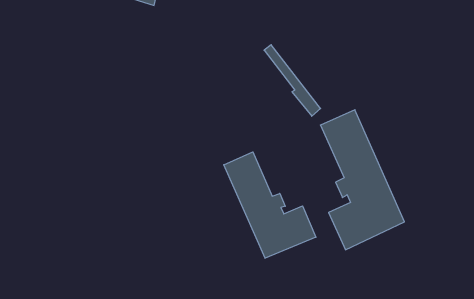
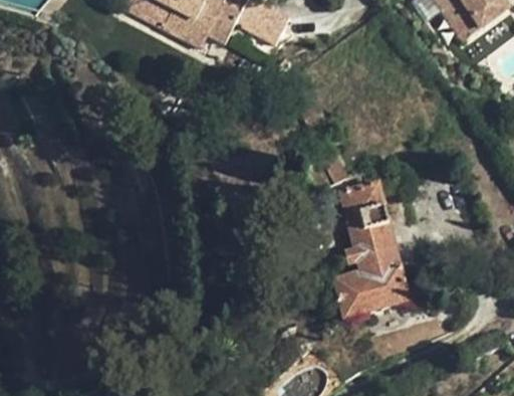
building: [224,152,316,258] -> none

